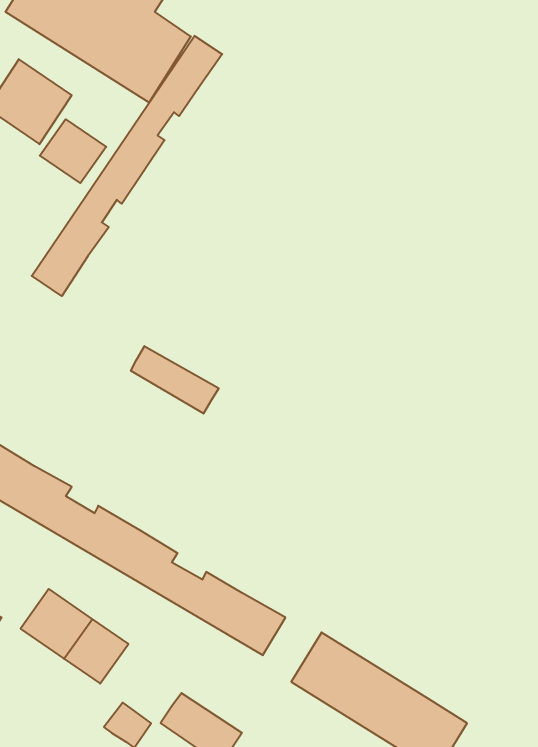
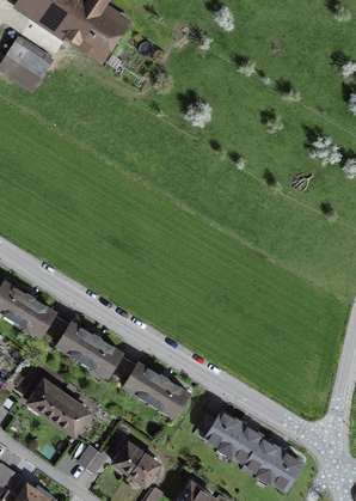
building: [32,36,222,296] -> none
building: [40,119,106,183] -> none
building: [131,346,219,414] -> none

